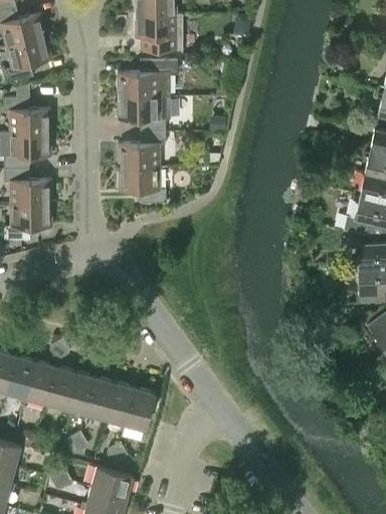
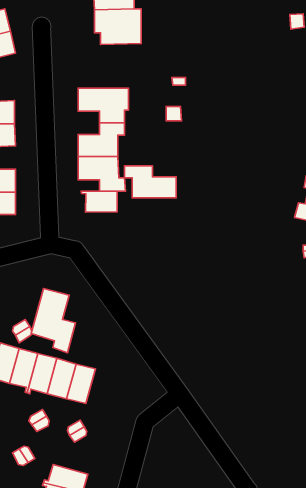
building: [118,61,177,96] -> none
building: none -> [125,166,176,198]
building: none -> [81,191,117,212]
building: none -> [31,288,75,353]
building: [126,389,156,431] -> none
building: [91,468,134,498] -> none

